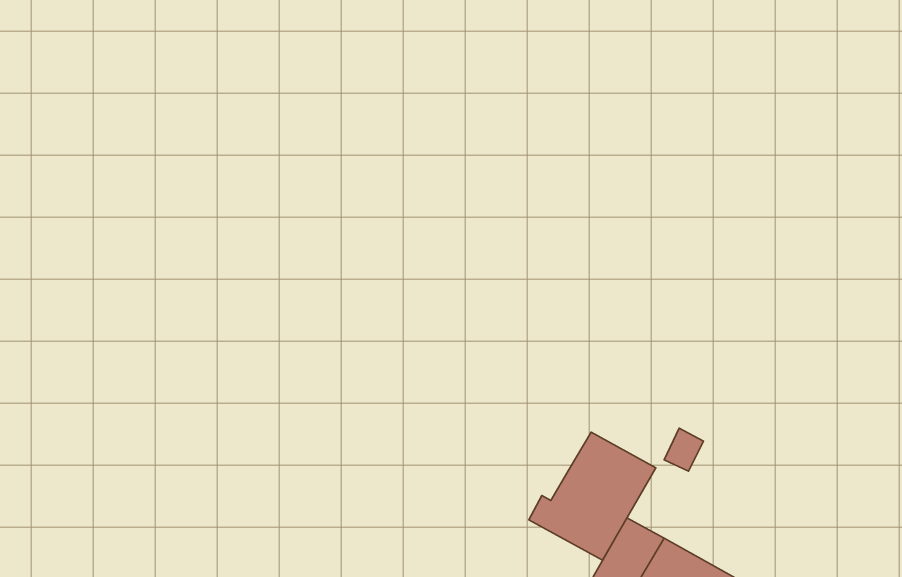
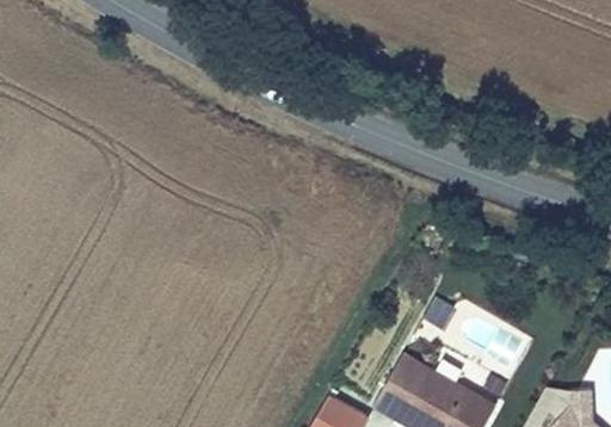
building: [529,432,656,560] -> none

